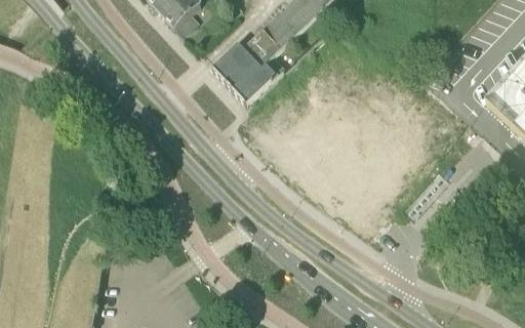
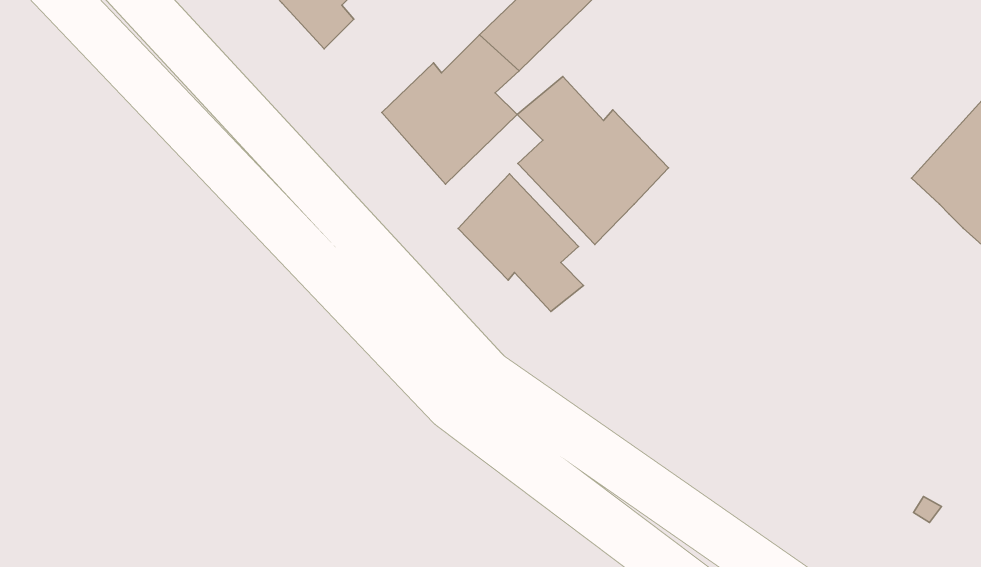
building: none -> [517,77,669,245]
building: none -> [458,174,584,312]

